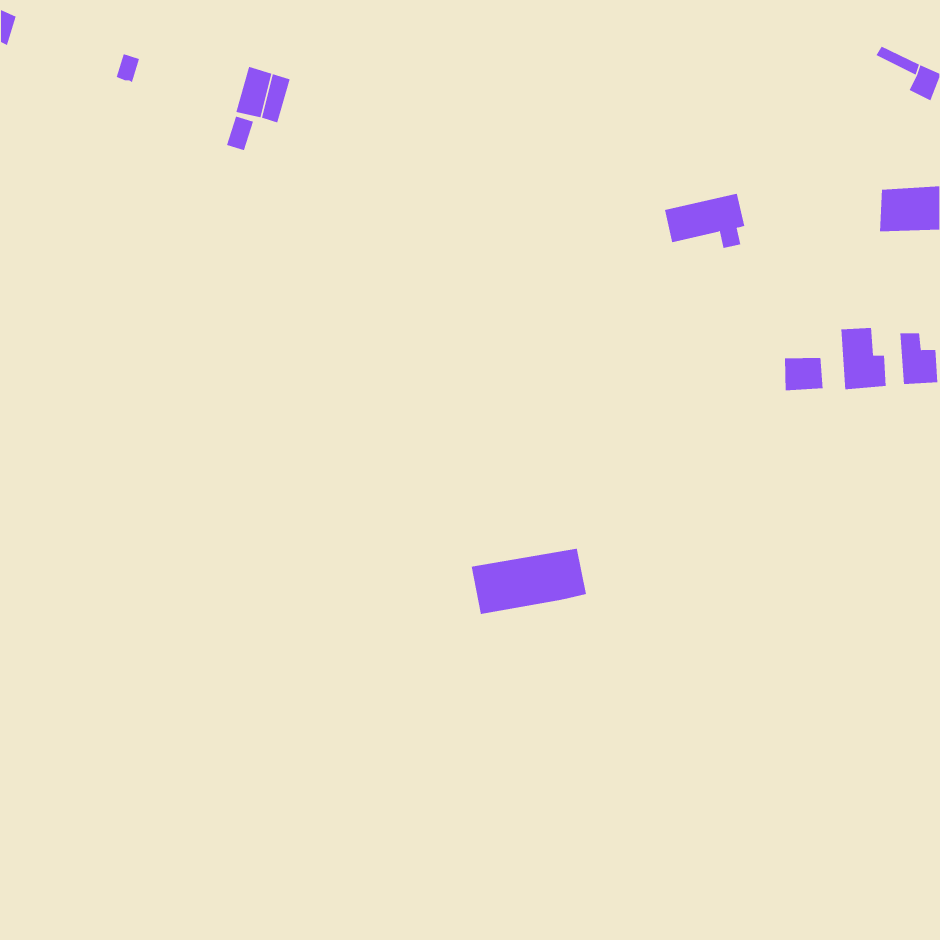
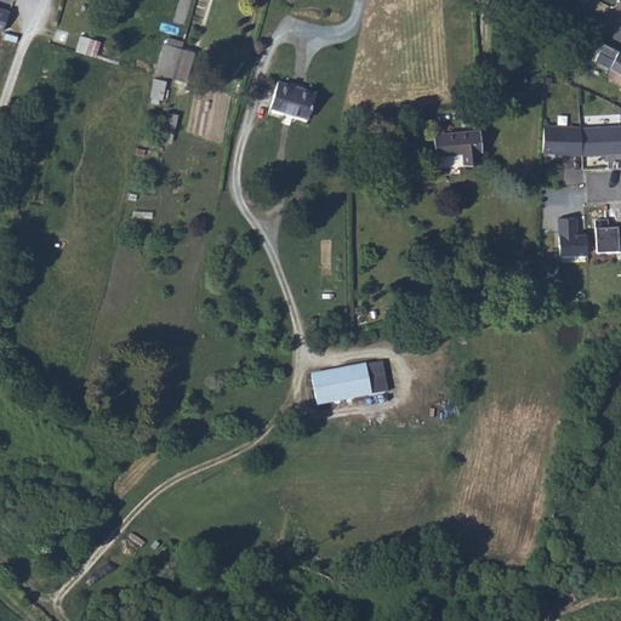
building: none -> [273,84,320,127]
building: none -> [540,124,581,153]
building: [785,357,823,391] -> none

